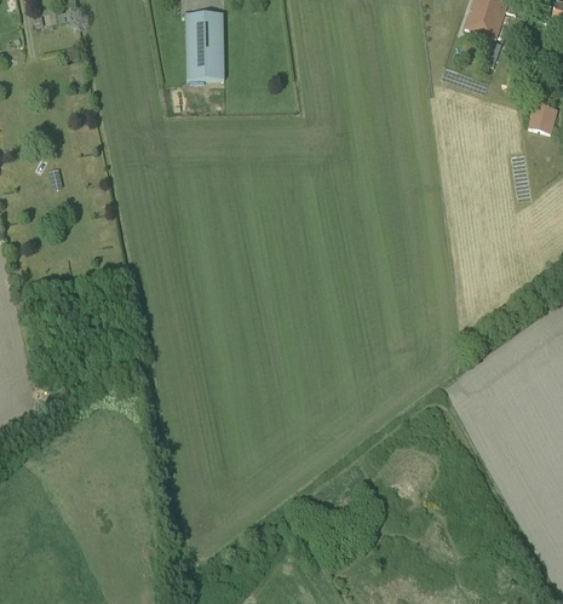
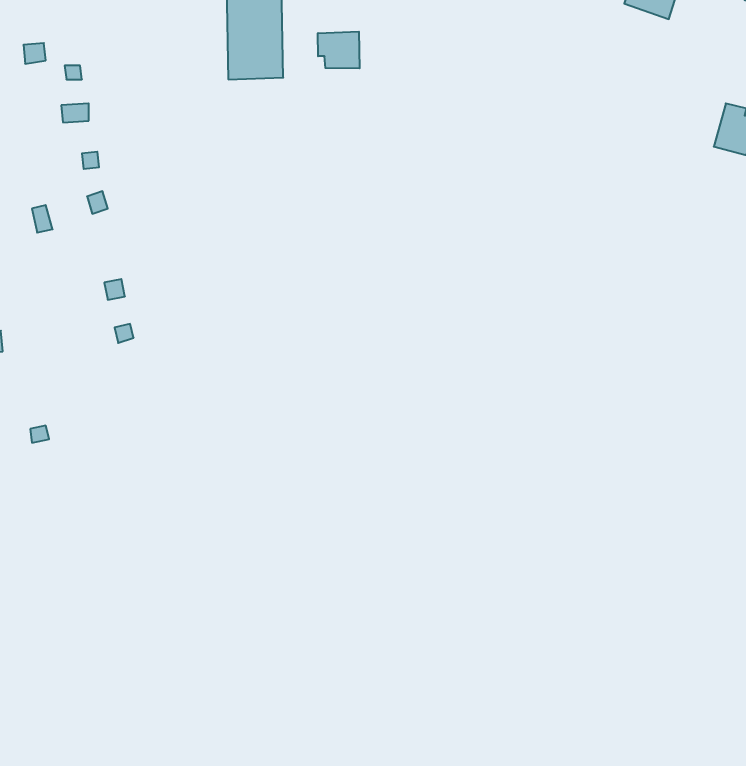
building: none -> [318,32,360,68]

